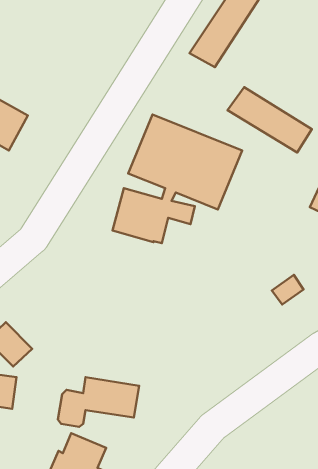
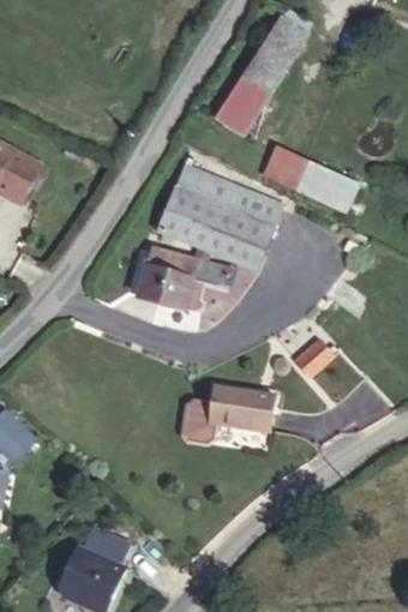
building: [58,377,139,427] -> [182,388,275,444]

